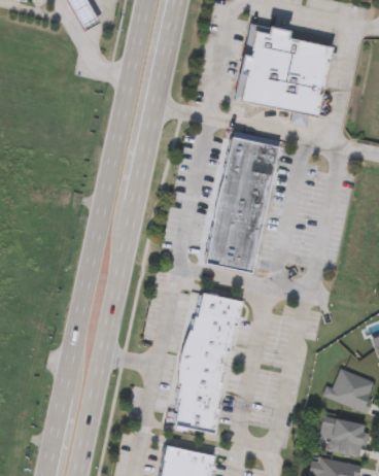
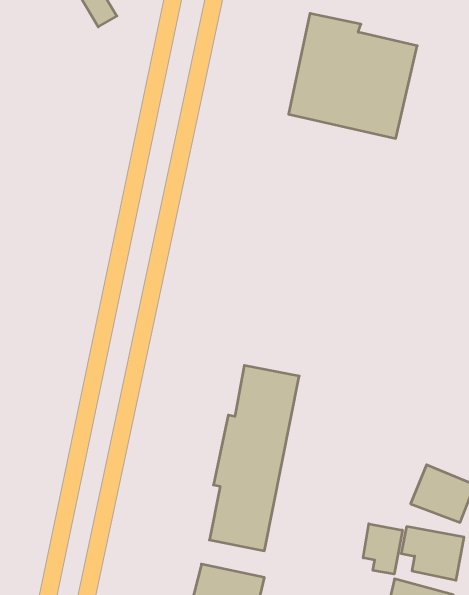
building: [203,131,280,272] -> none
building: none -> [363,524,402,574]

